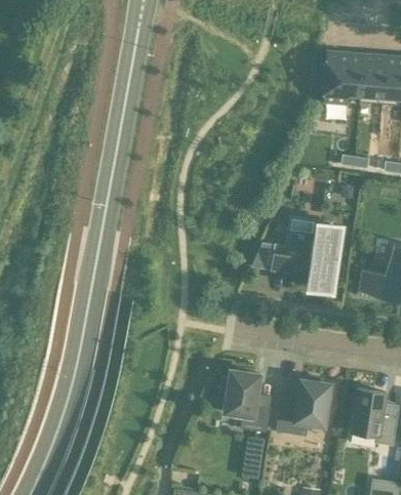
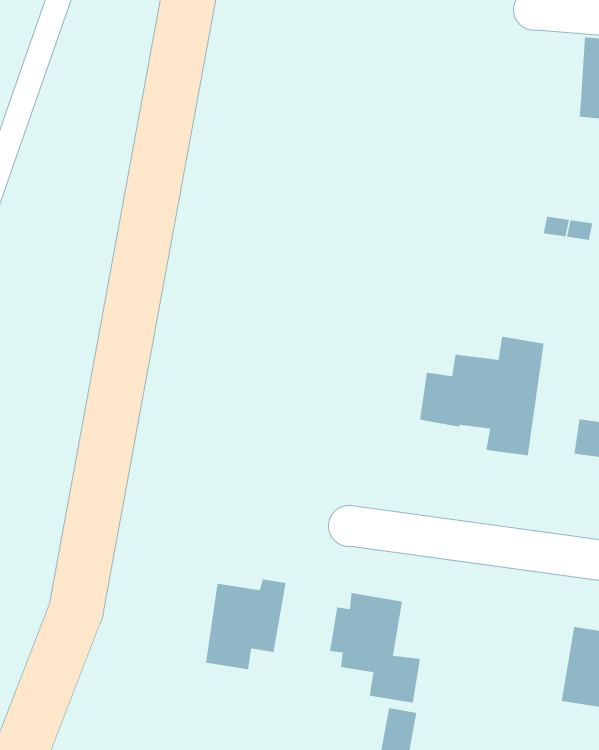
building: [321,48,364,108] -> none
building: none -> [205,578,286,670]
building: [277,377,330,435] -> none

